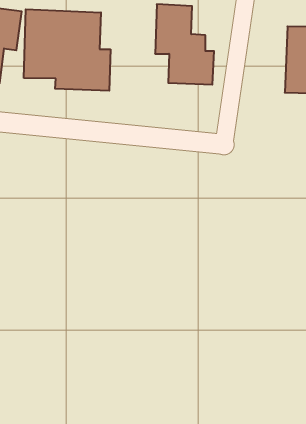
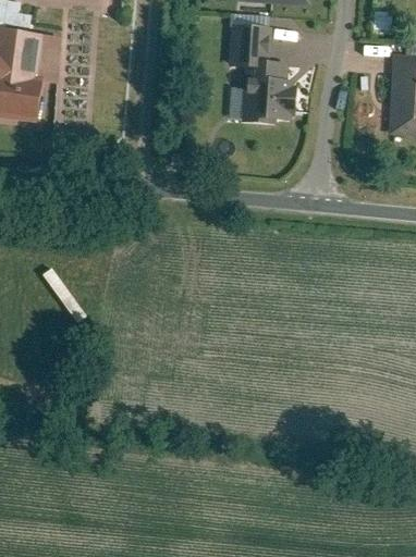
building: [24,9,110,91] -> none

